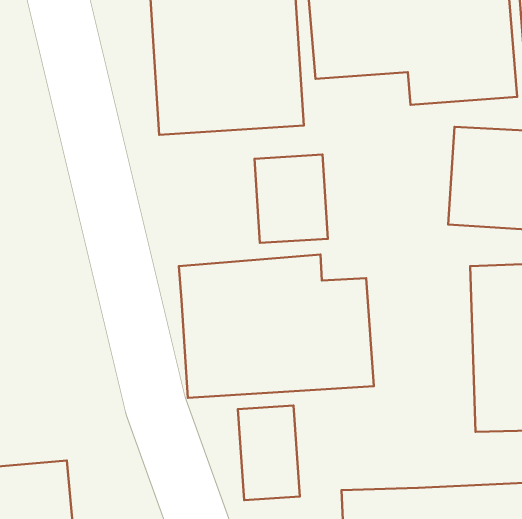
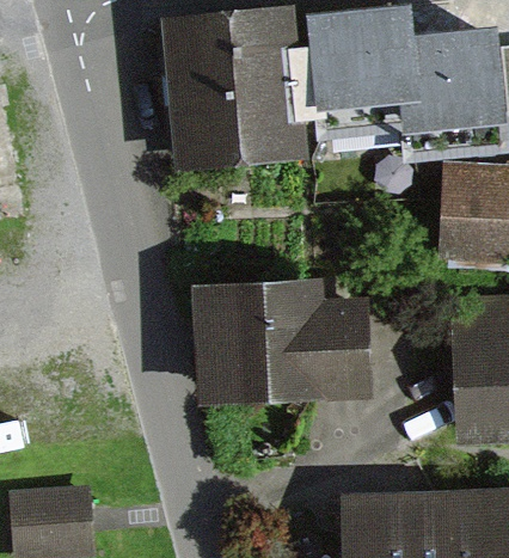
building: [254,154,328,243] -> none
building: [238,405,300,500] -> none

